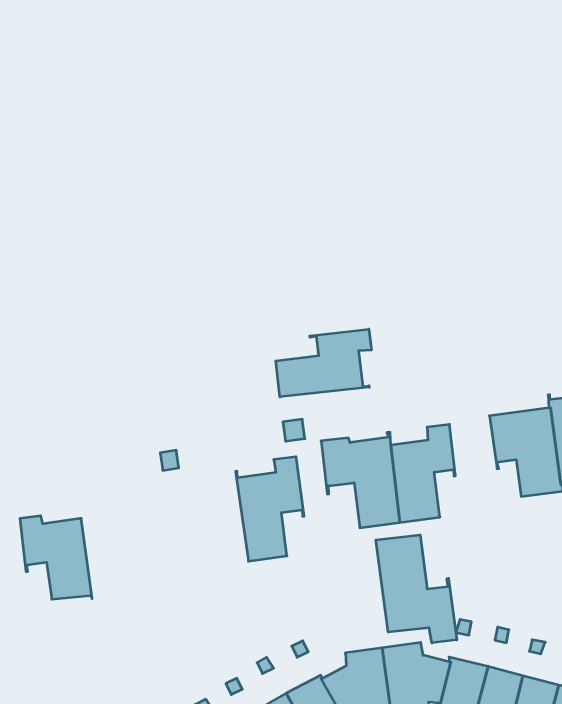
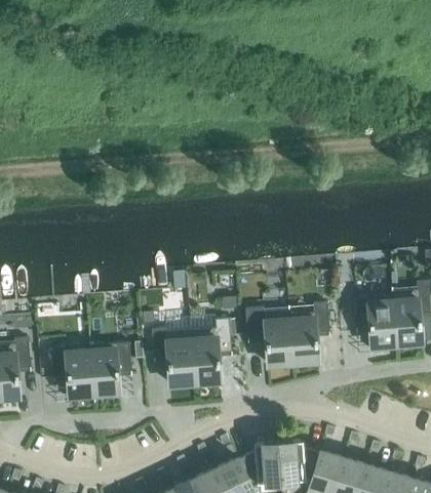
building: [276,329,371,397] -> none
building: none -> [152,325,196,384]
building: none -> [89,341,132,401]
building: [376,535,457,643] -> none

